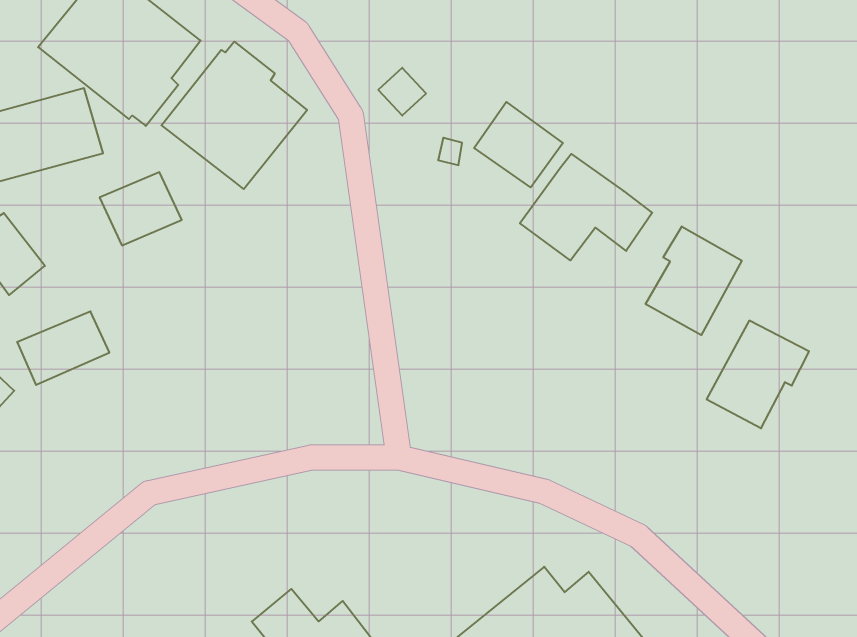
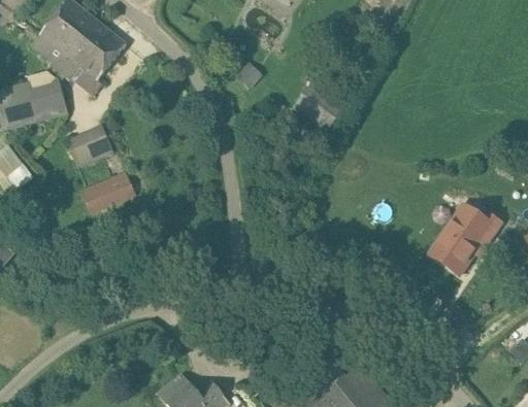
building: [161,42,307,189] -> none
building: [520,154,652,260] -> none
building: [646,226,742,335] -> none
building: [17,311,109,385] -> [79,170,135,214]

